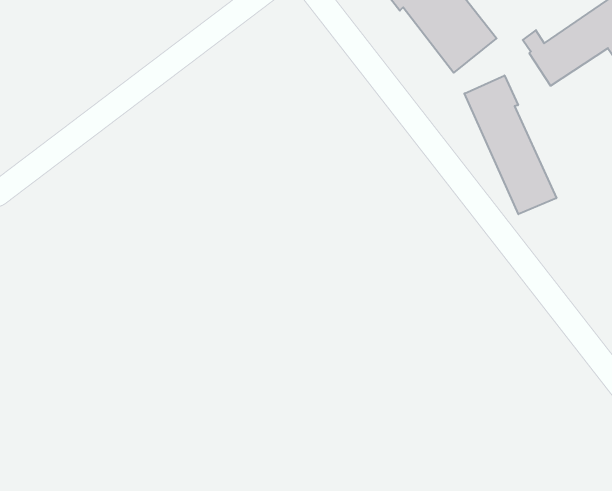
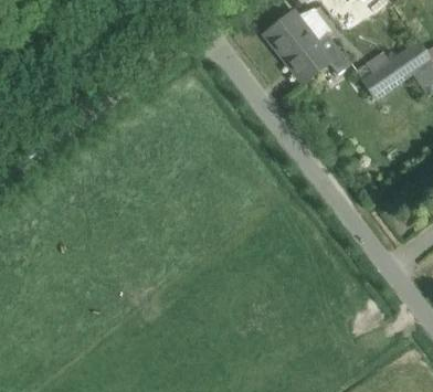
building: [464,75,556,214] -> none

